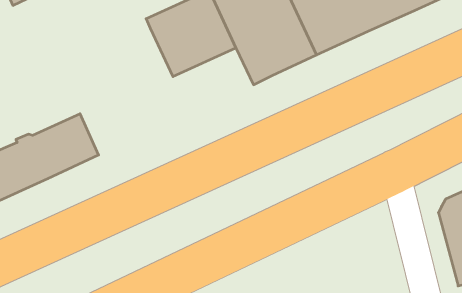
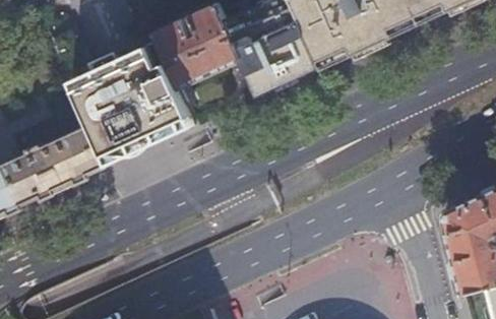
building: none -> [52,30,197,166]

